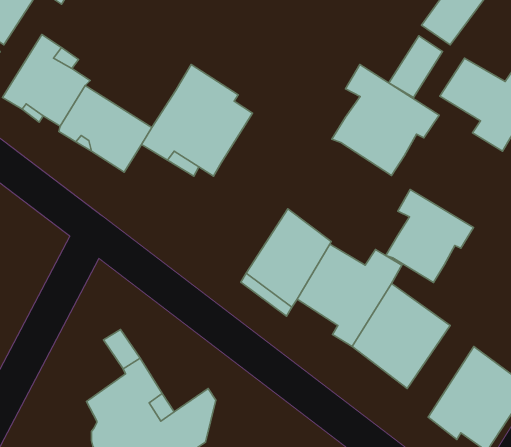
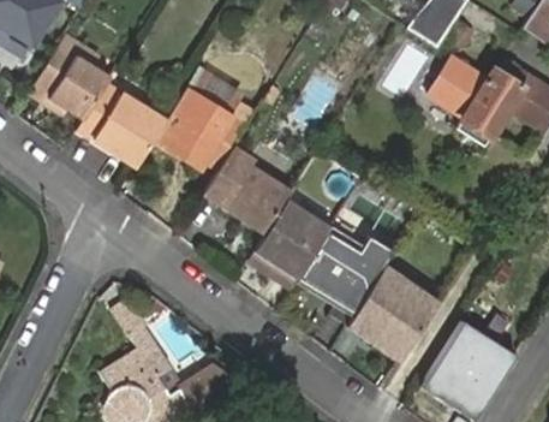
building: [332,64,439,176] -> none
building: none -> [207,155,294,228]
building: [386,190,473,283] -> none

